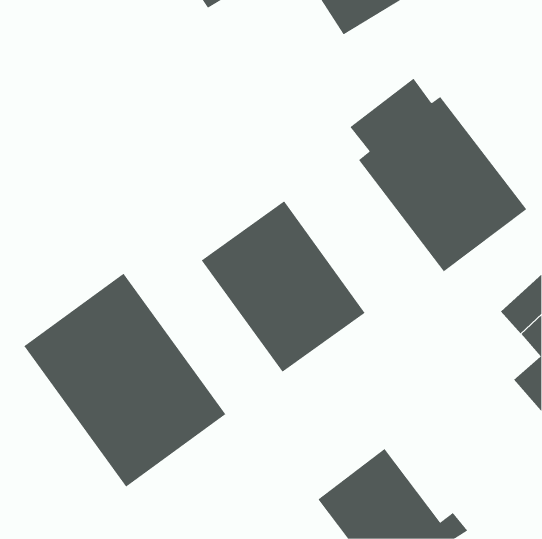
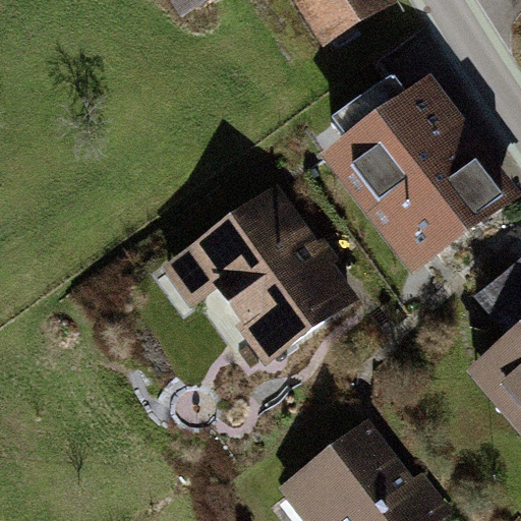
building: [24,273,226,487] -> none

